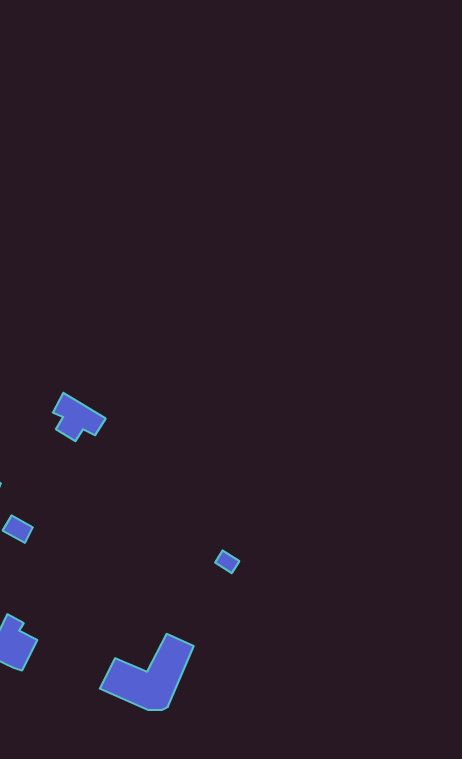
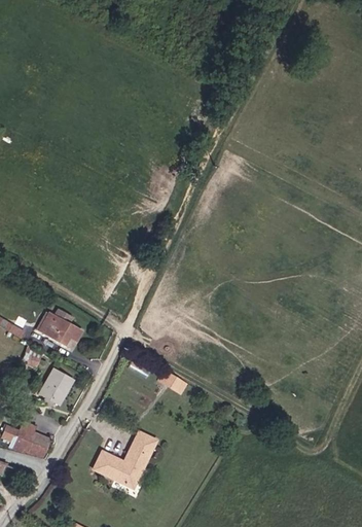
building: [53,393,106,441] -> [44,311,80,344]
building: none -> [40,365,75,408]

